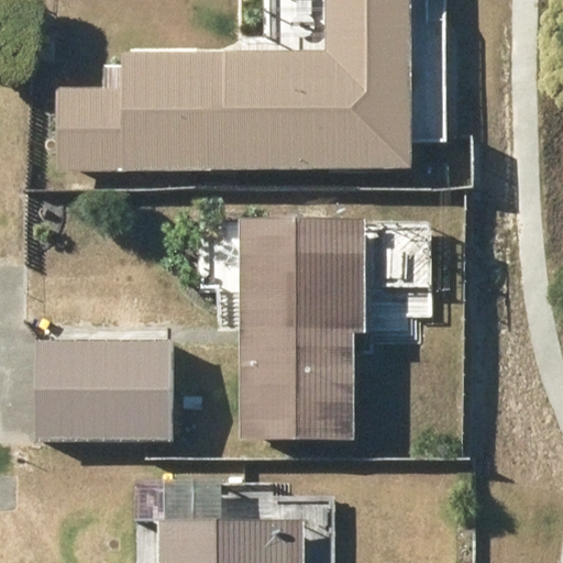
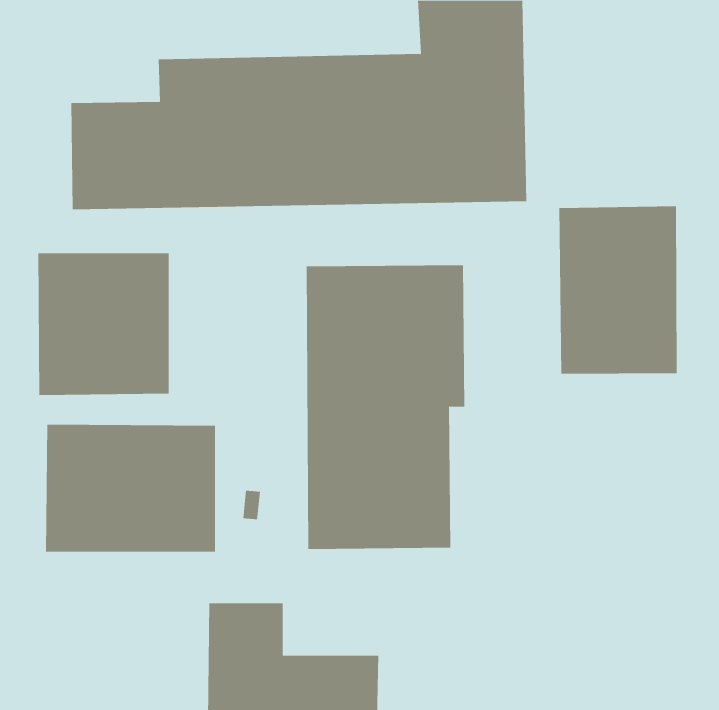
building: none -> [559,206,677,374]
building: none -> [38,253,169,396]

